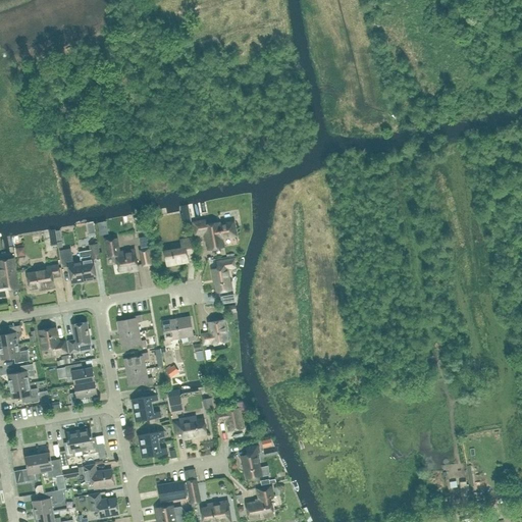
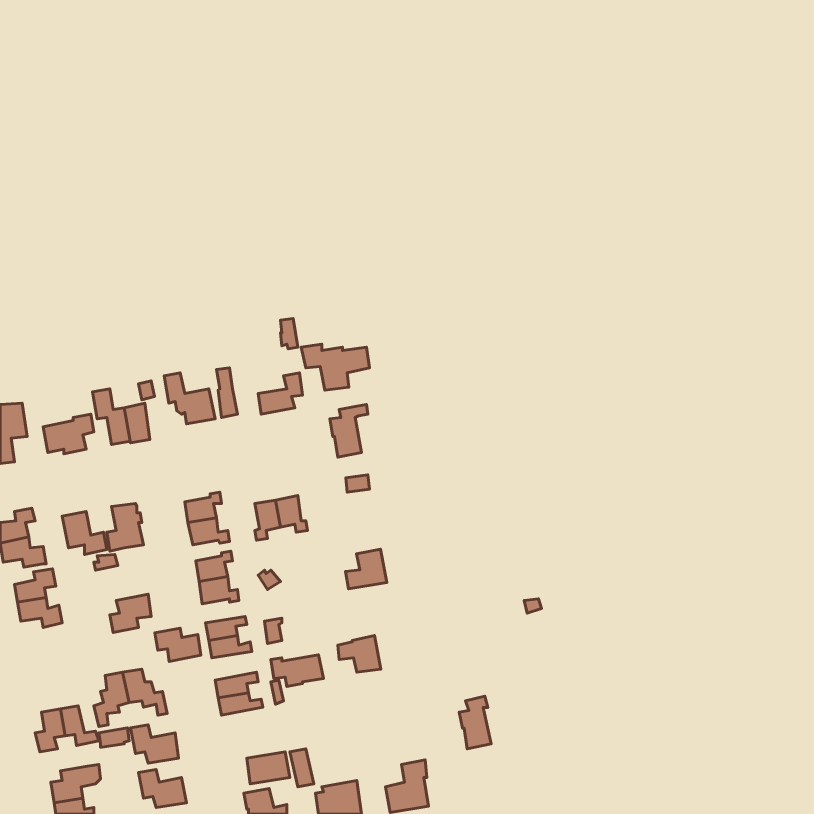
building: [202,319,228,345] -> [345,549,387,589]
building: [65,363,95,384] -> [155,628,201,661]
building: [242,446,262,479] -> [459,696,491,749]

